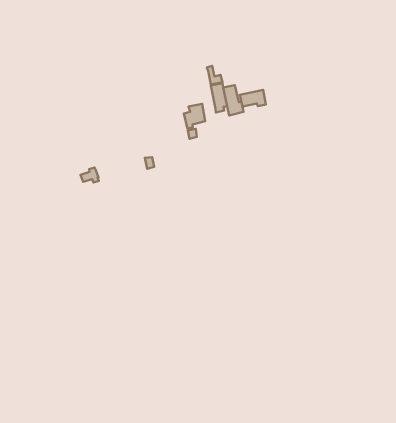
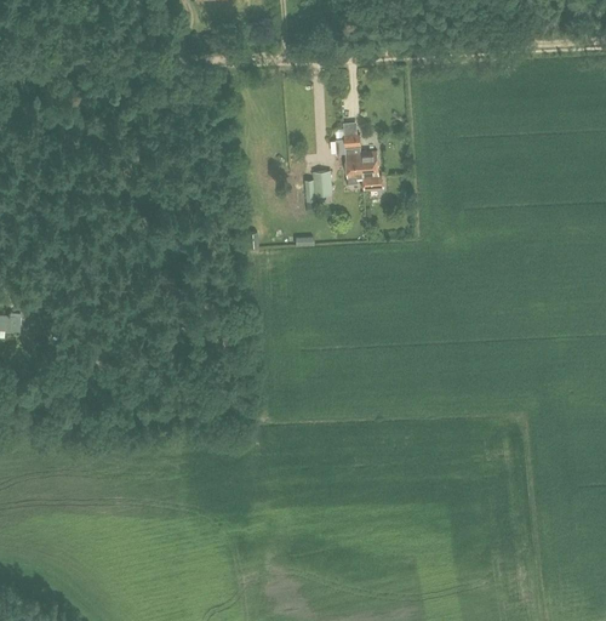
building: [240,90,266,107] -> none

